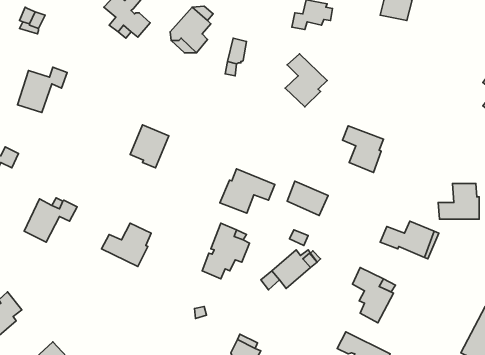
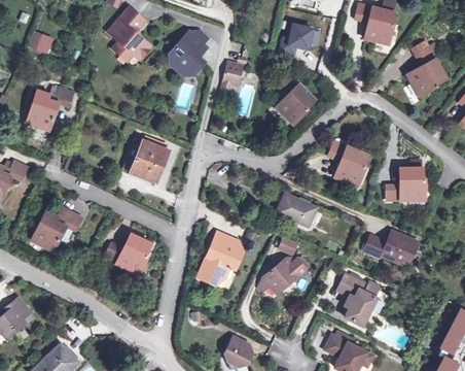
building: none -> [407,47,446,96]
building: [220,169,275,213] -> none
building: [438,184,479,219] -> [387,167,425,200]

